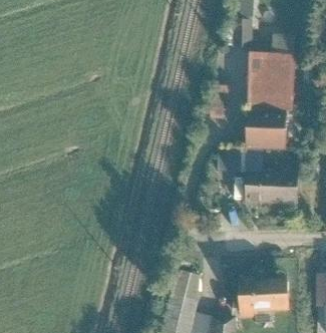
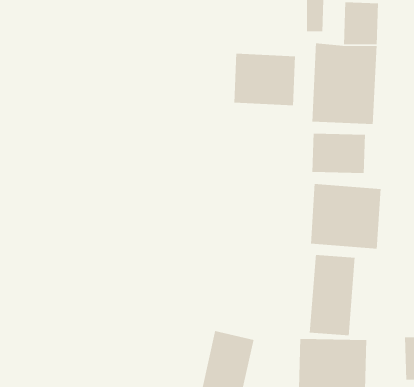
building: none -> [233,53,296,106]
building: none -> [309,254,356,336]

